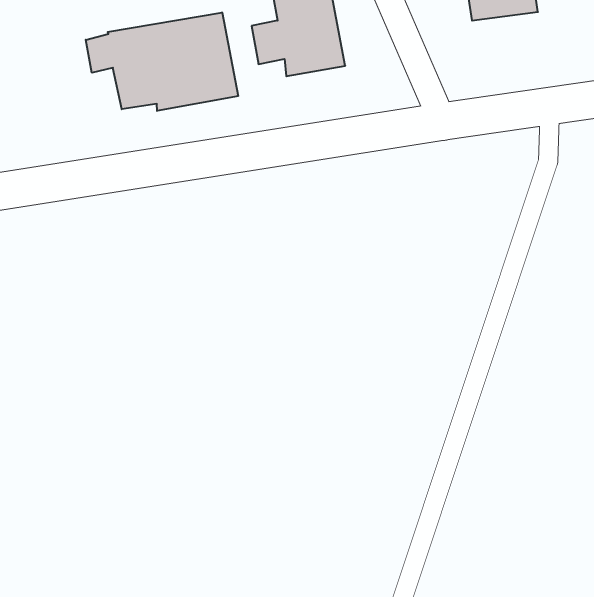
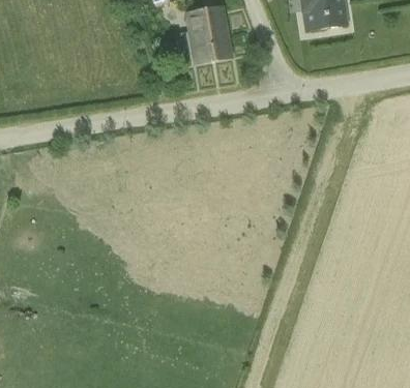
building: [86,12,238,111] -> none

